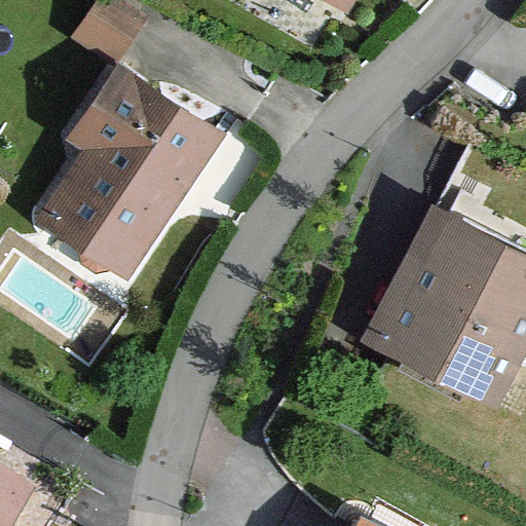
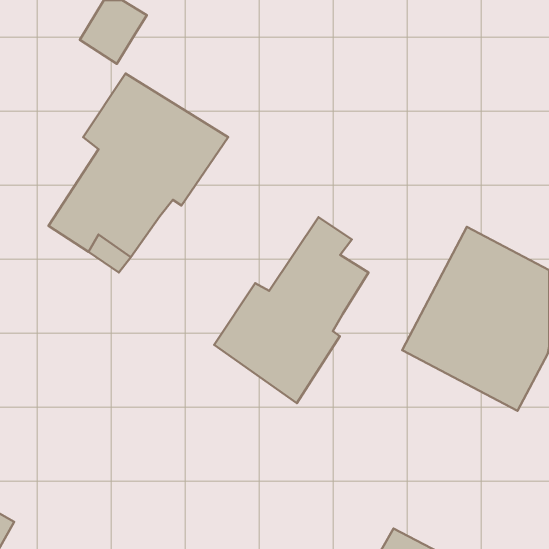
building: none -> [214,217,368,403]

